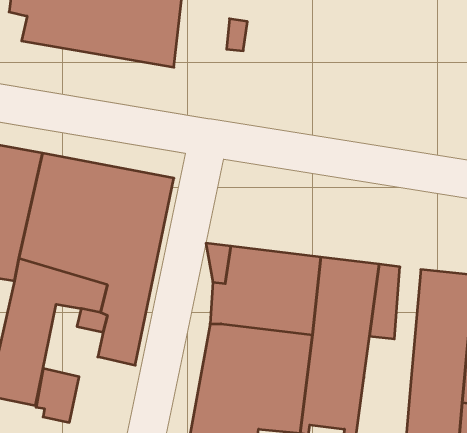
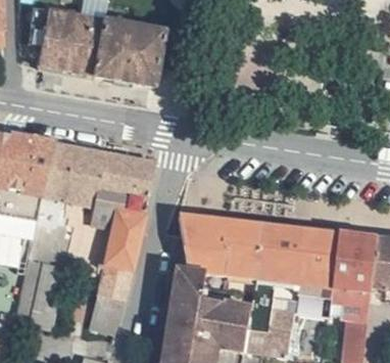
building: none -> [293,228,335,313]
building: [36,368,79,422] -> [93,294,125,334]

